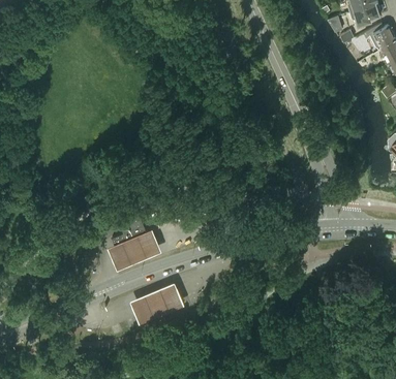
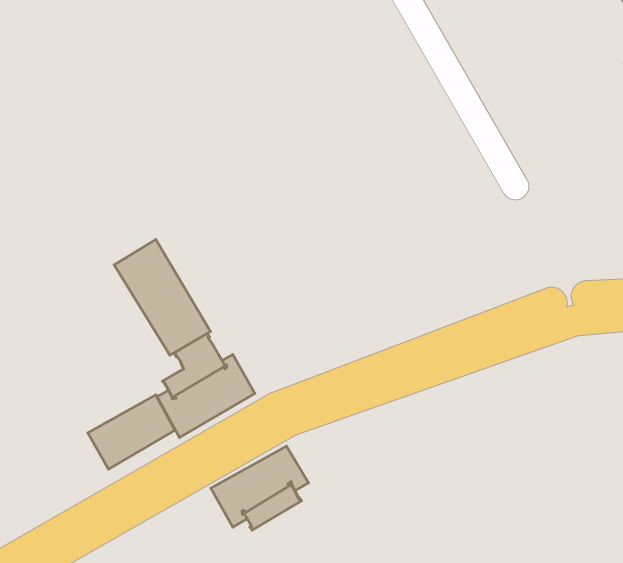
building: none -> [114,239,211,355]
building: none -> [88,395,175,469]

